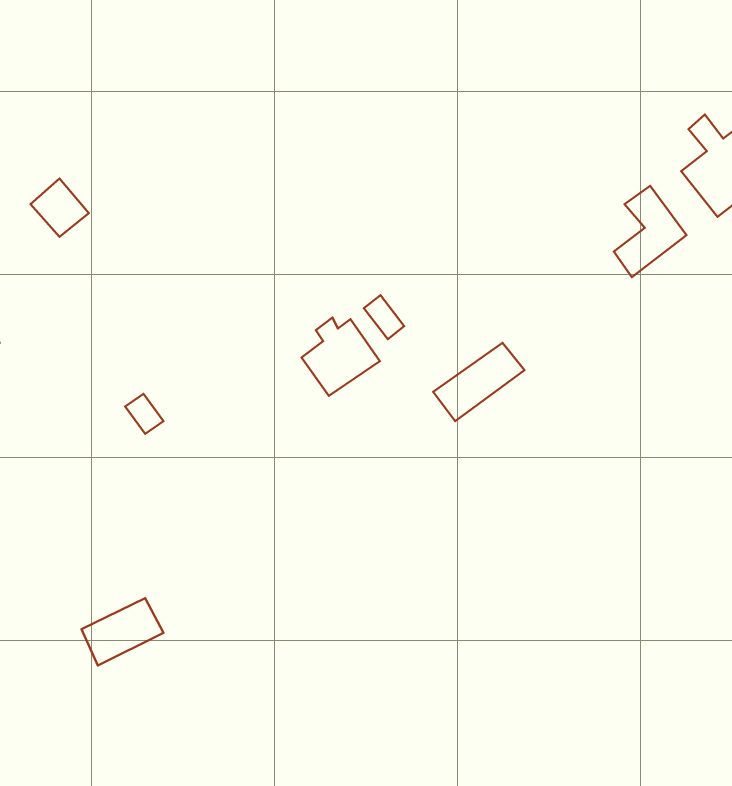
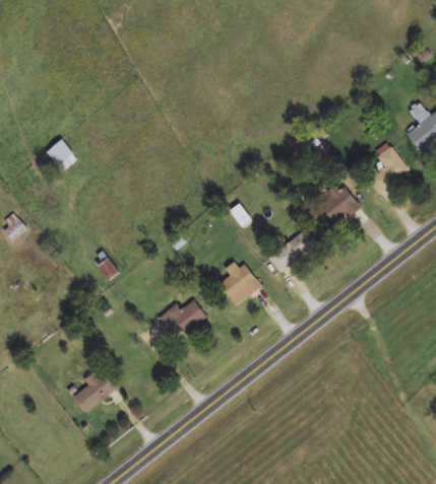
building: none -> [317,187,359,226]
building: [301,317,380,396] -> [217,261,261,304]
building: none -> [158,298,205,338]

